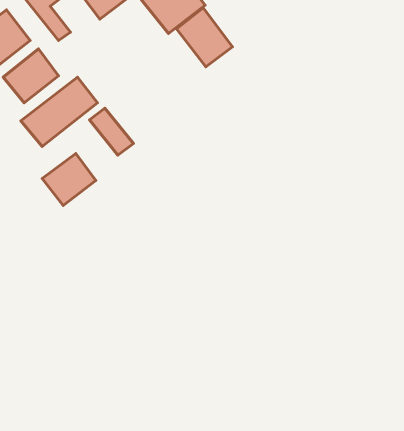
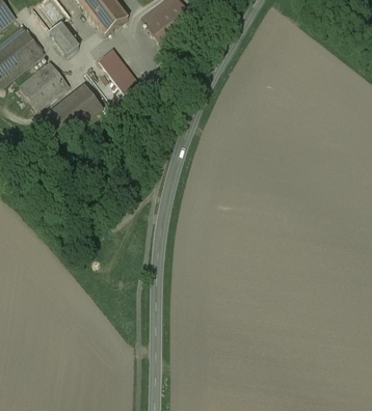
building: [176,8,233,67] -> none
building: [90,108,133,155] -> [98,48,136,89]
building: [42,154,96,206] -> none

